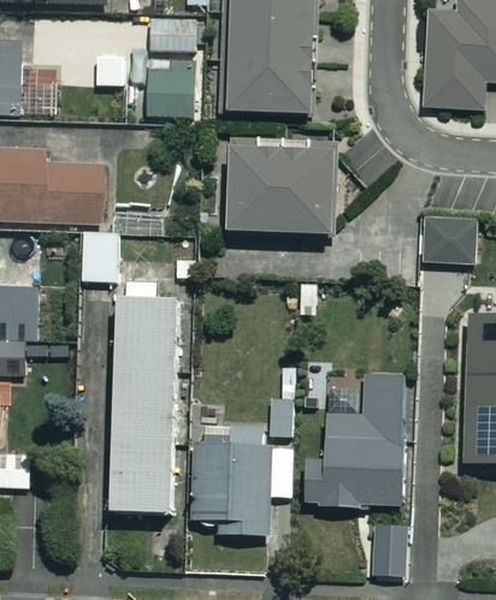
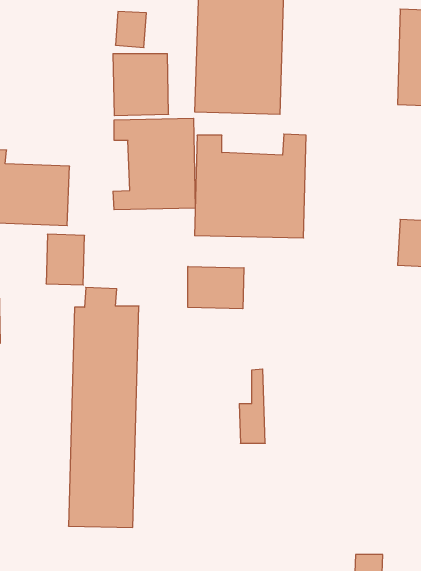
building: none -> [113,118,195,210]
building: none -> [188,266,244,309]
building: [306,375,401,504] -> none
building: [193,417,272,535] -> none

